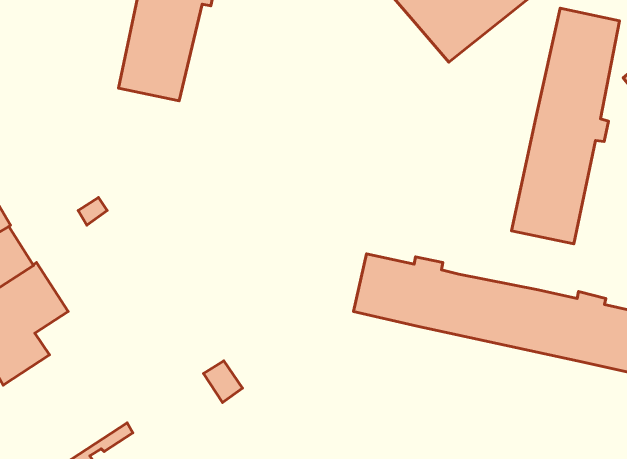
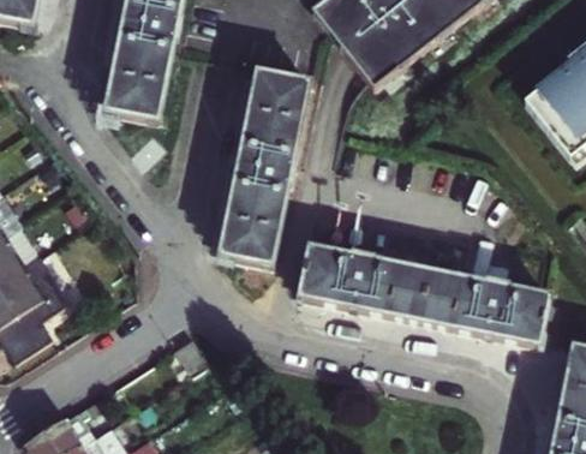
building: [512,8,619,244] -> none
building: none -> [213,71,309,263]

